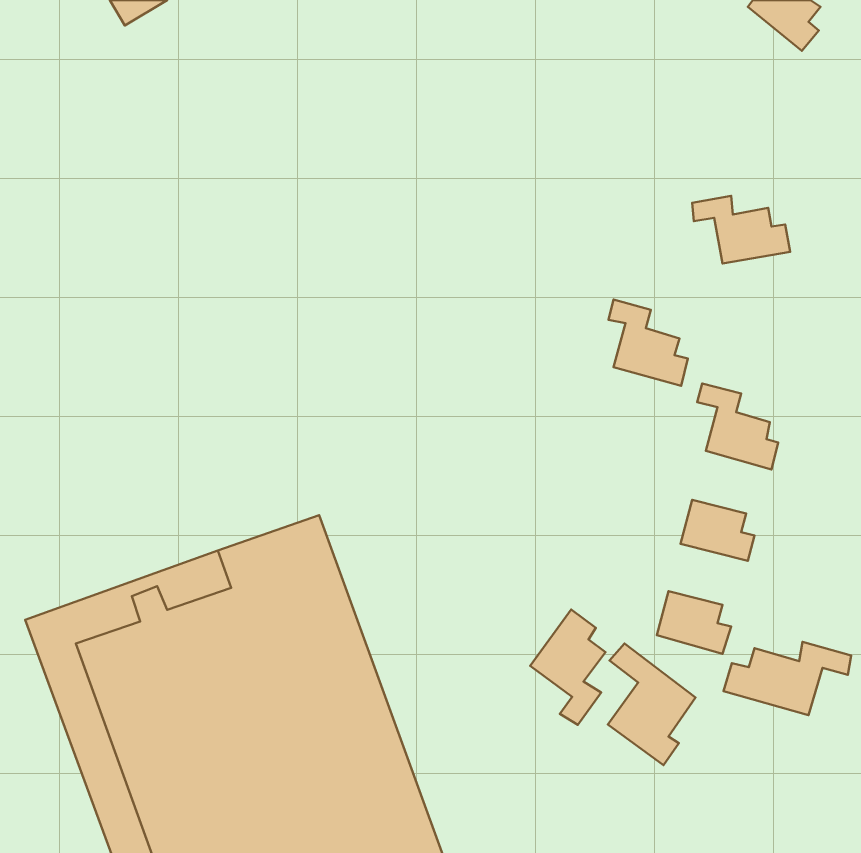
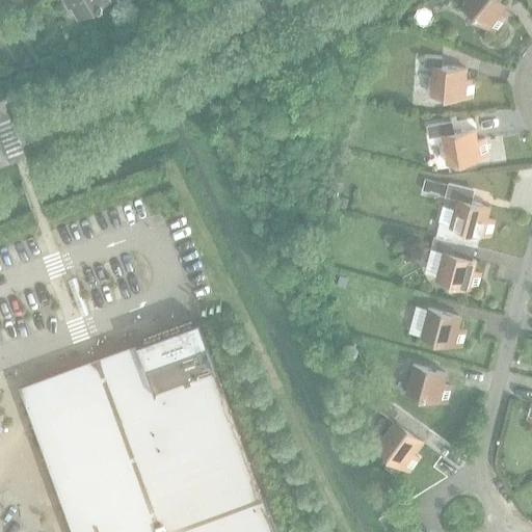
building: none -> [422,61,472,103]
building: [609,300,688,386] -> [445,189,494,242]
building: [530,610,605,725] -> none
building: [724,642,851,715] -> none

